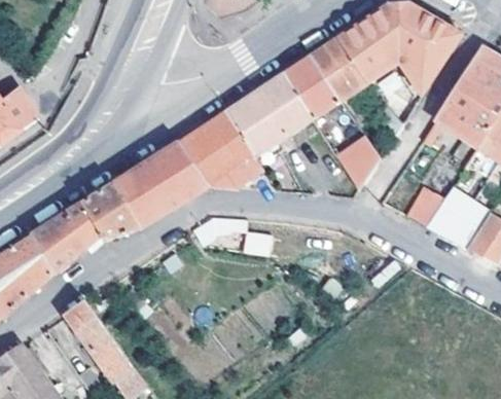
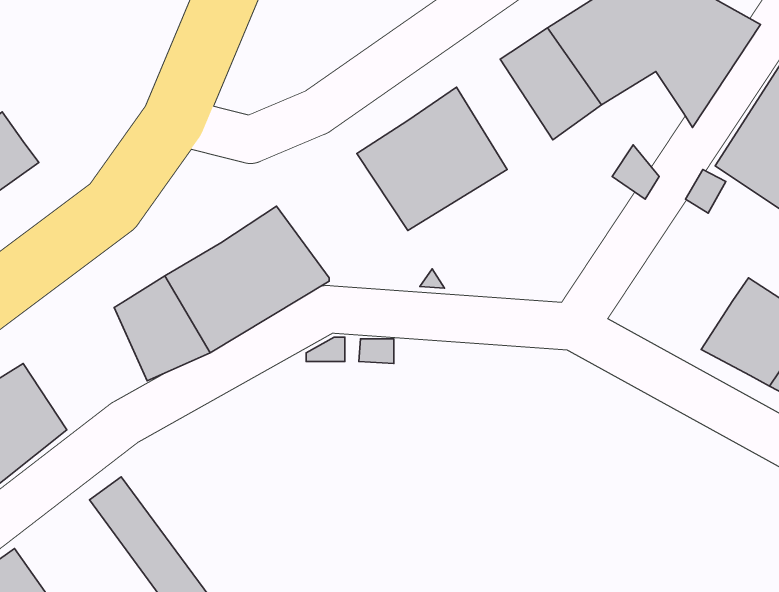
building: [283,56,339,120] -> none
building: [177,111,261,186] -> none
building: [335,137,381,191] -> none
building: [404,184,445,226] -> none
building: [28,202,101,274] -> none

